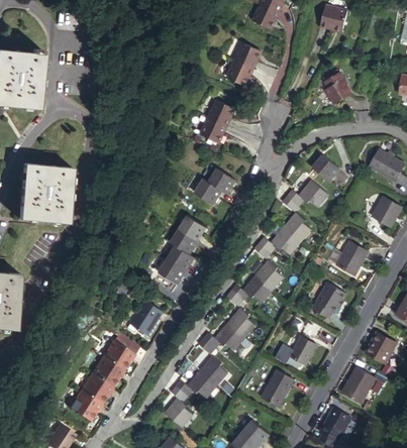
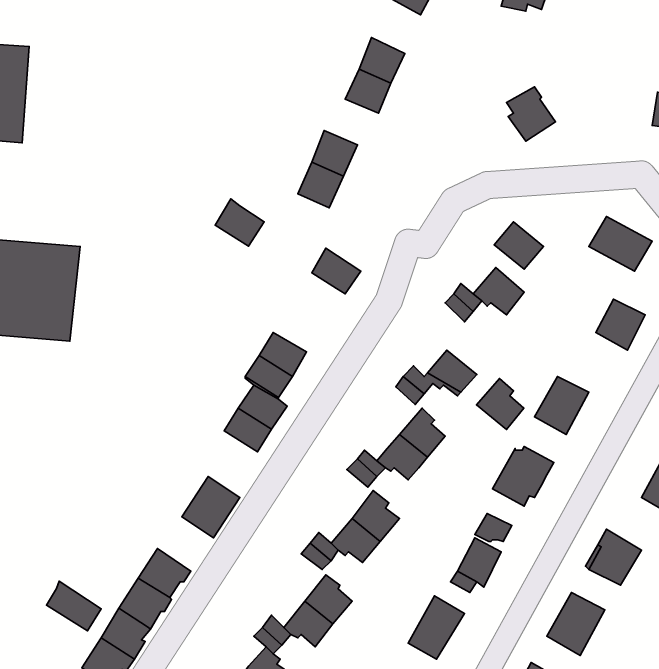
building: [192,179,220,206] -> [215,199,264,246]
building: [284,212,311,241] -> [477,378,524,429]
building: none -> [47,581,101,631]

